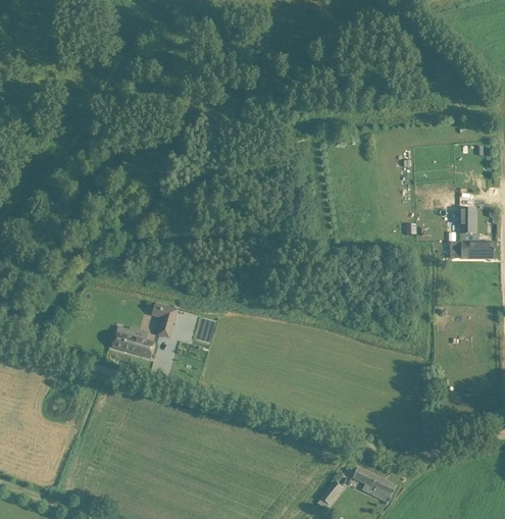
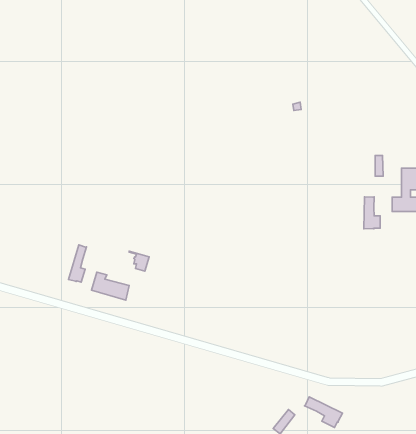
building: none -> [364,197,380,229]
building: none -> [68,245,87,282]

